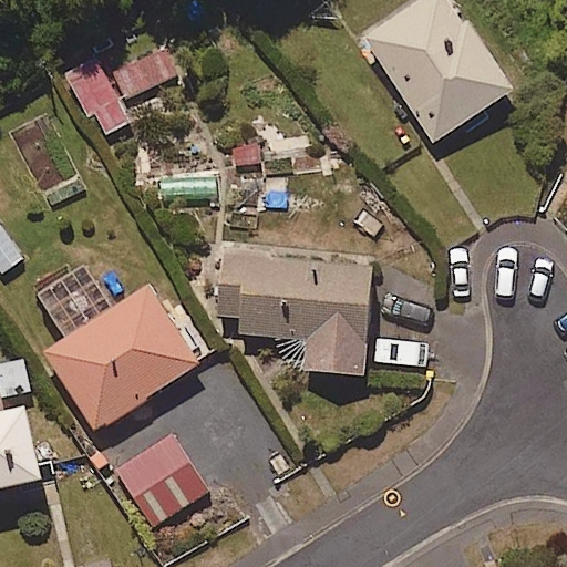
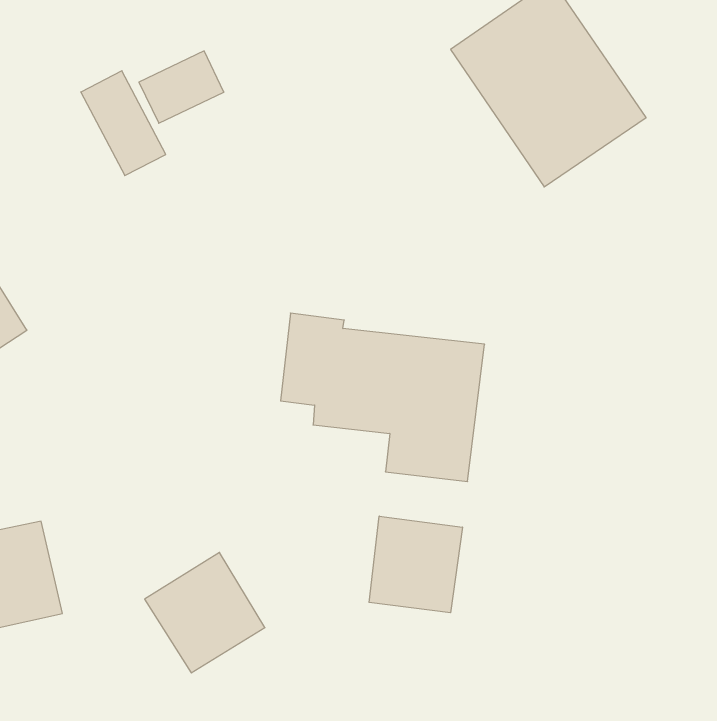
building: [45,285,202,432] -> none
building: none -> [369,516,462,613]

